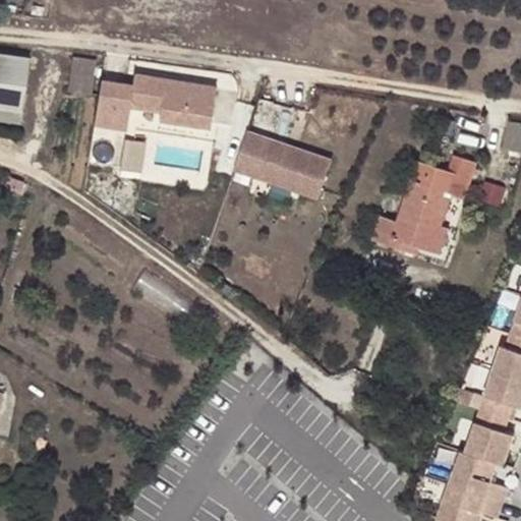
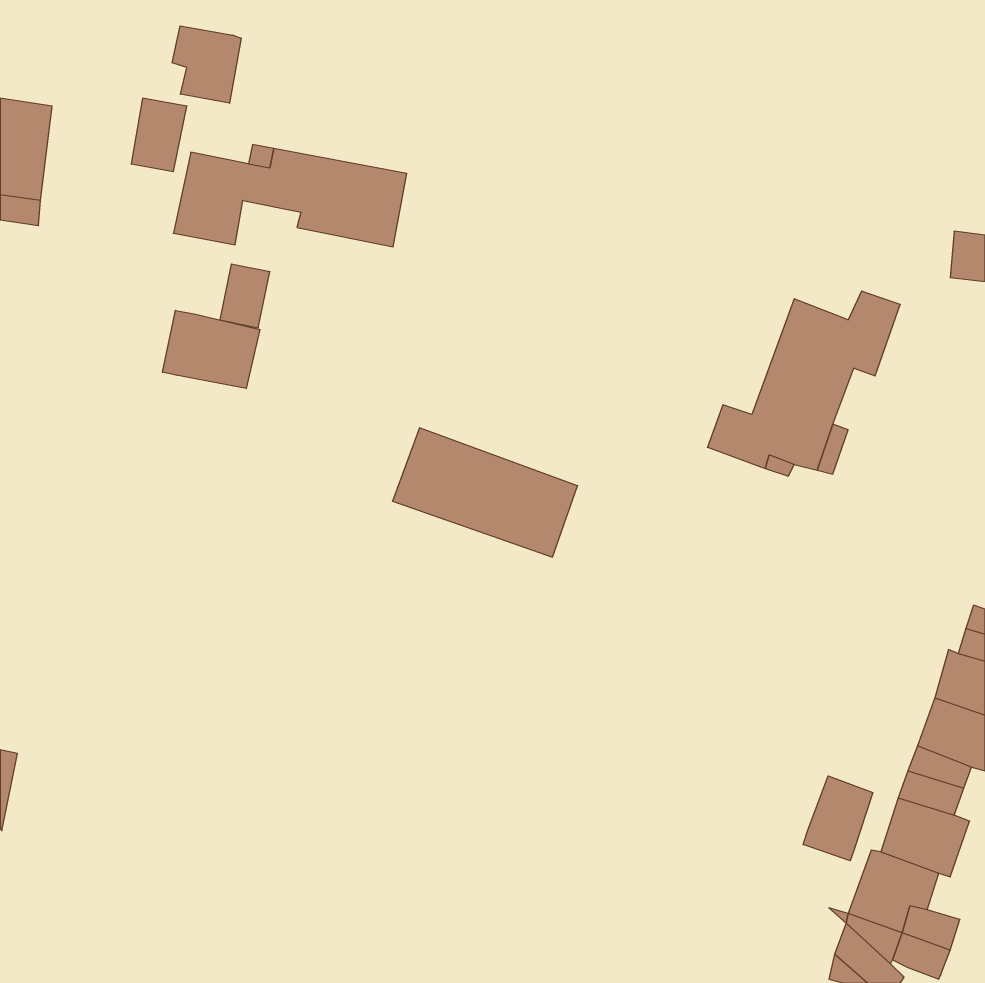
building: none -> [172,26,241,103]
building: [233,131,331,199] -> [392,428,578,557]
building: none -> [163,310,260,388]
building: none -> [803,776,873,861]

